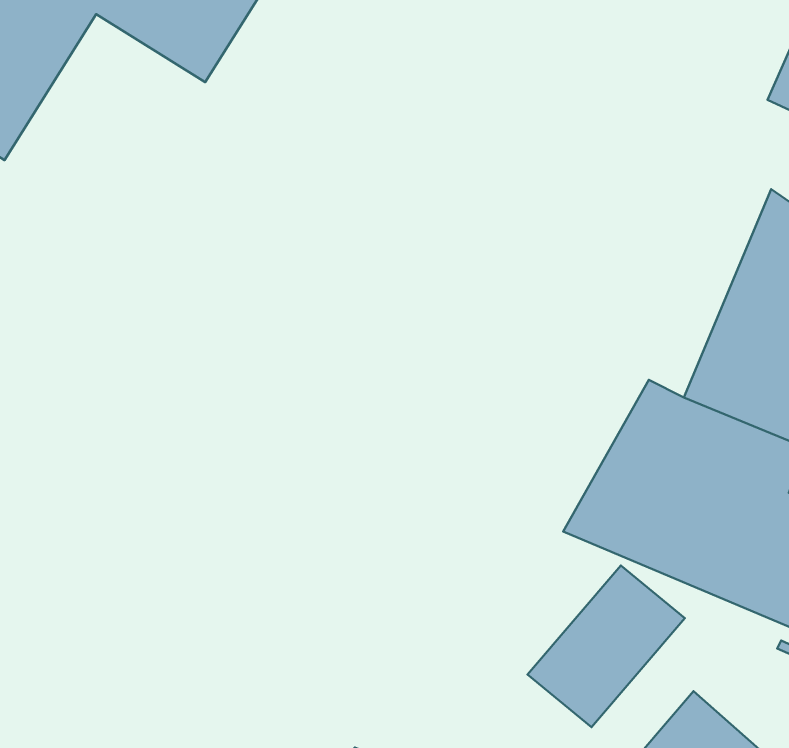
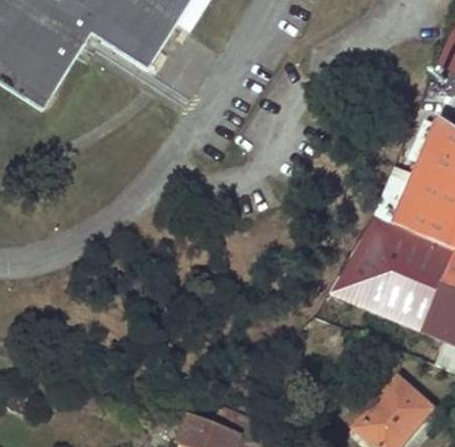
building: [528,565,685,727] -> none

